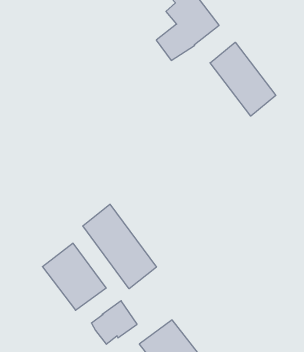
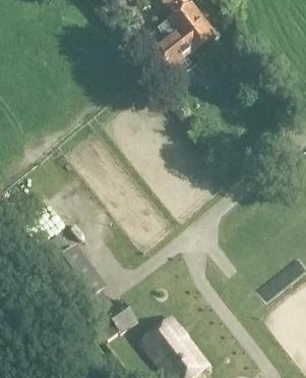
building: [210,42,276,116] -> none
building: [83,204,156,289] -> none

